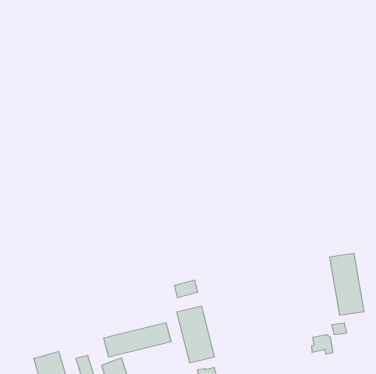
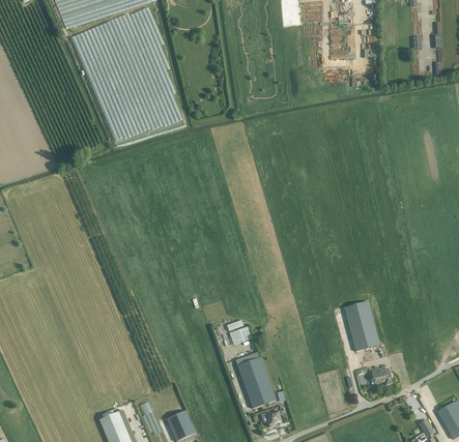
building: [330,253,364,315] -> [343,301,382,363]
building: [104,323,171,357] -> none

